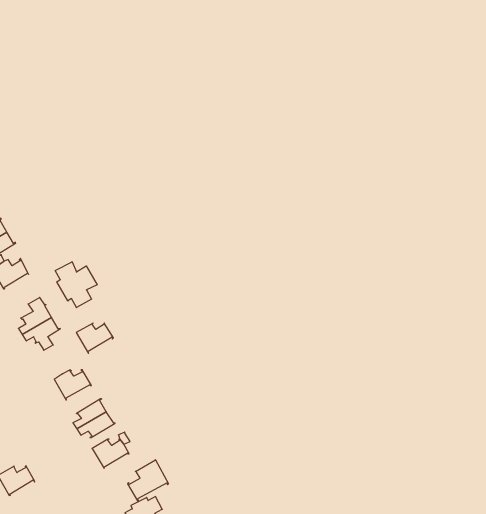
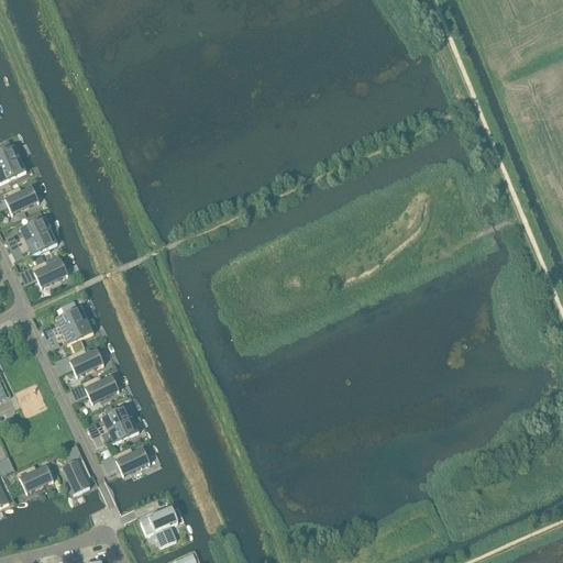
building: [55,262,97,308] -> none
building: [76,323,113,353] -> [67,347,103,377]
building: none -> [62,457,90,494]
building: [128,460,168,502] -> none

